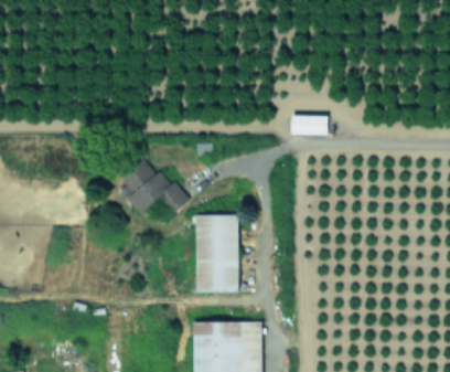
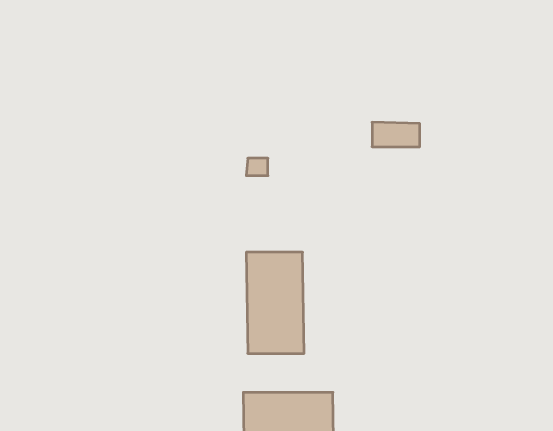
building: [118,156,189,214] -> none

